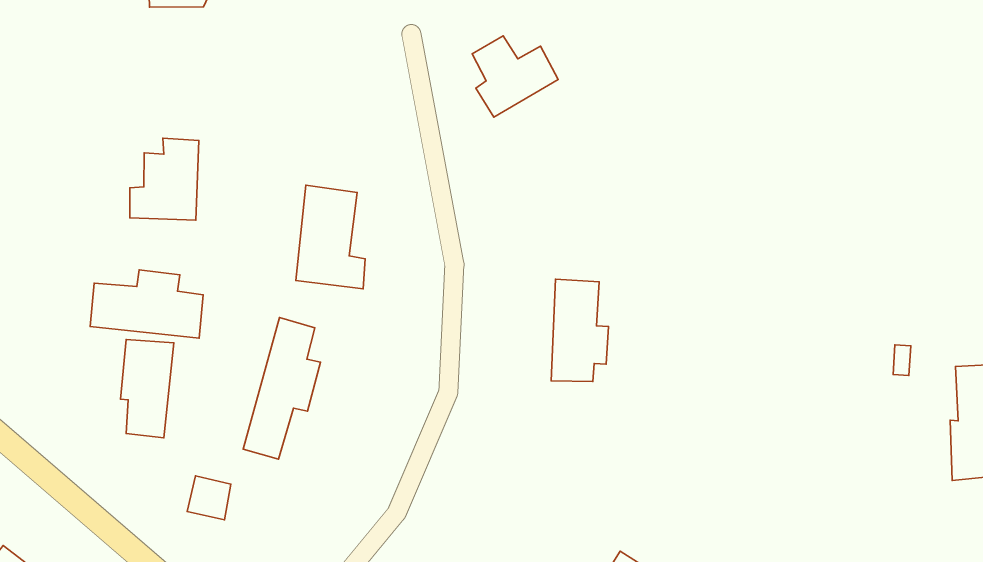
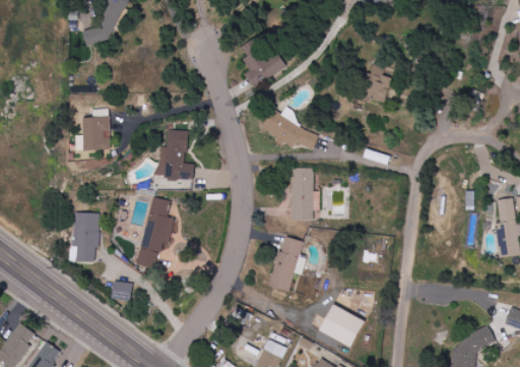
building: none -> [369,65,388,102]
building: none -> [263,108,320,149]
building: [90,270,203,338] -> none
building: none -> [271,237,306,292]

